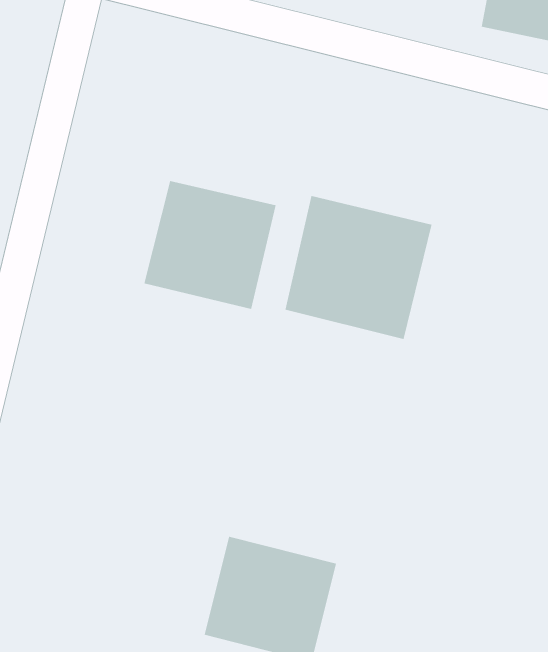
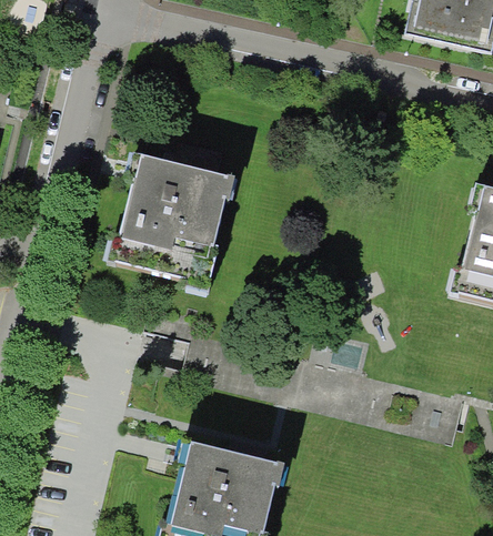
building: [285,195,432,340] -> none

